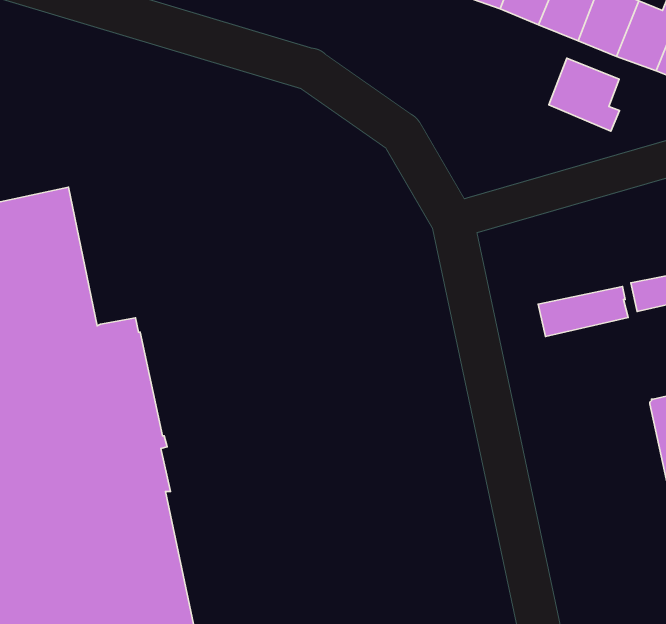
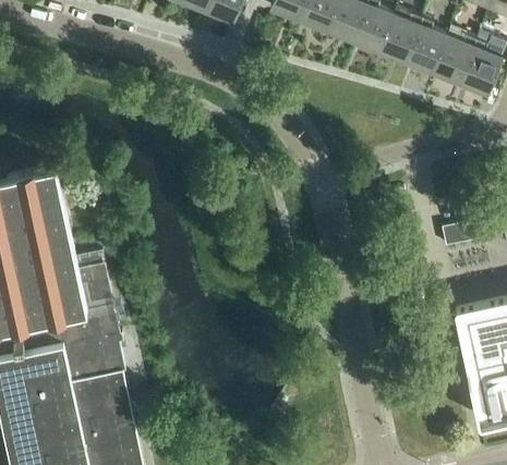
building: [549,58,620,131] -> none
building: [538,286,628,337] -> none

